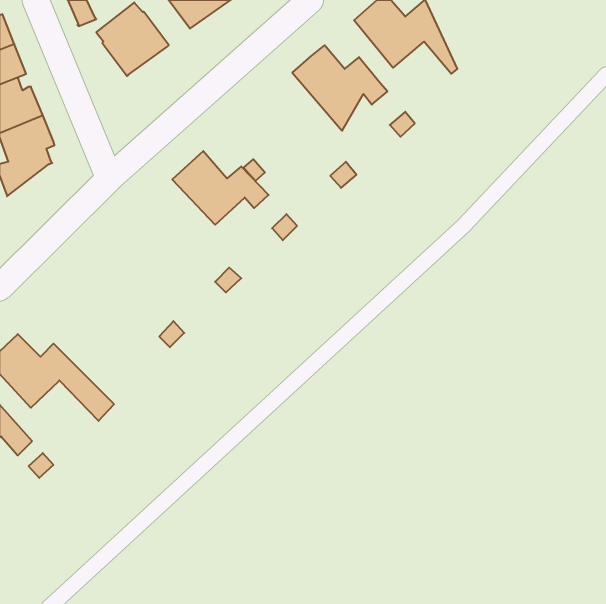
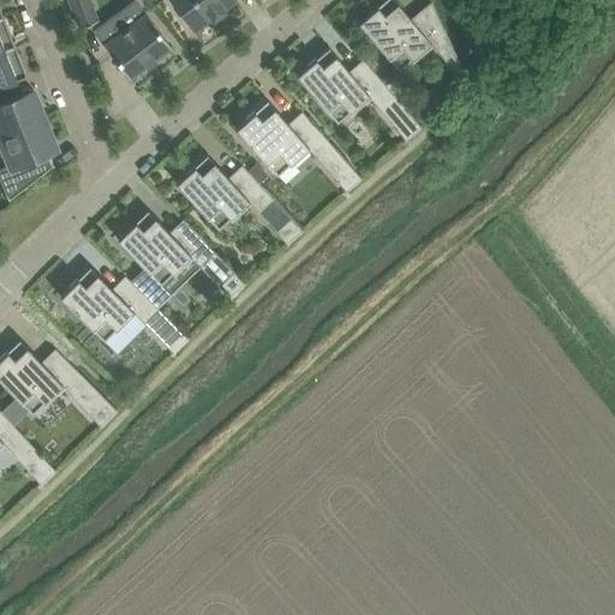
building: none -> [234,102,332,177]
building: none -> [117,211,214,286]
building: none -> [59,268,160,342]

